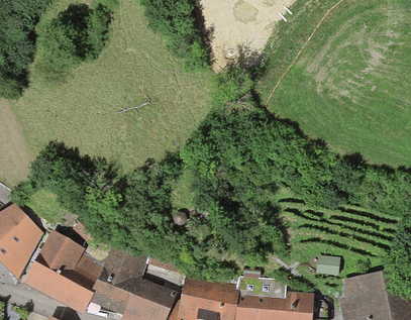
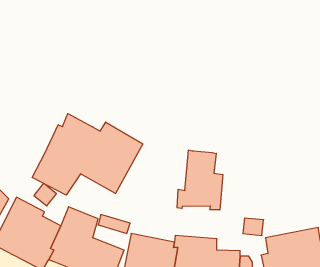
building: none -> [32,114,143,195]
building: none -> [177,150,223,210]

